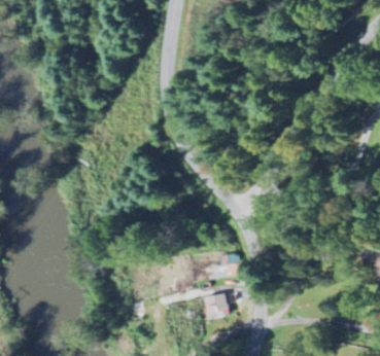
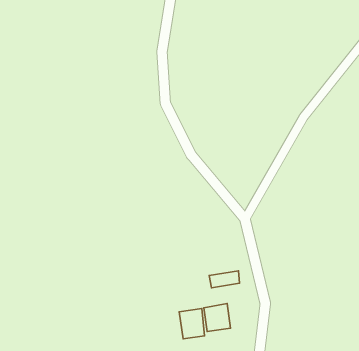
building: none -> [179,308,205,339]

